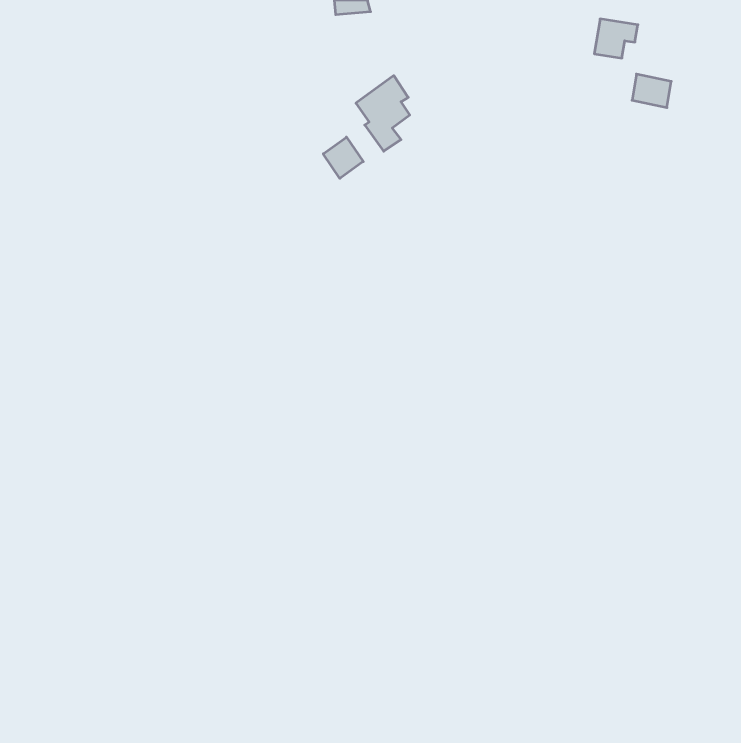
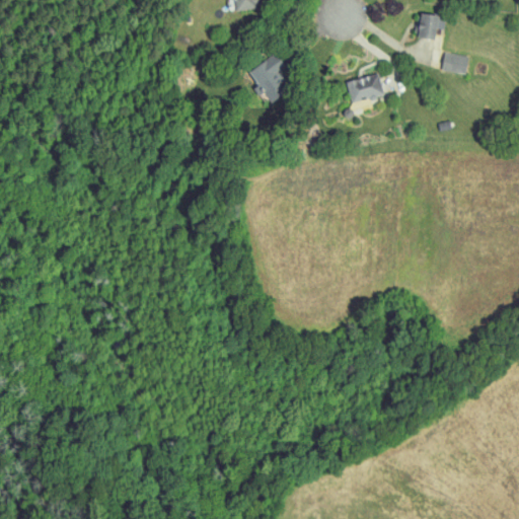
building: none -> [348,74,384,103]
building: [323,137,363,178] -> none

